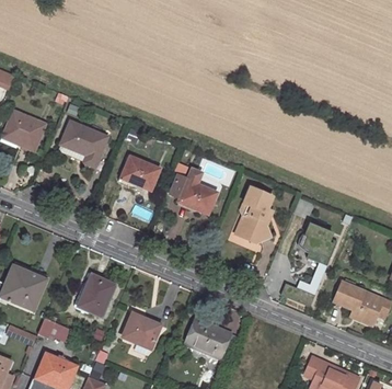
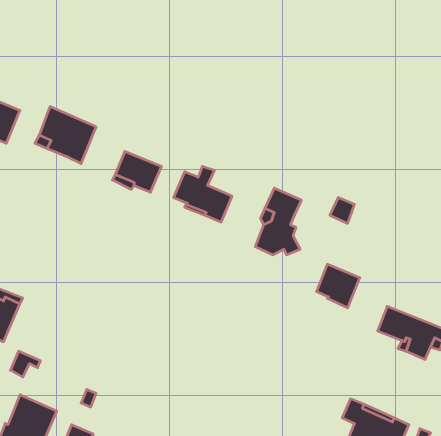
building: [79,274,115,316] -> none
building: [123,313,161,348] -> none
building: [185,318,231,357] -> none

